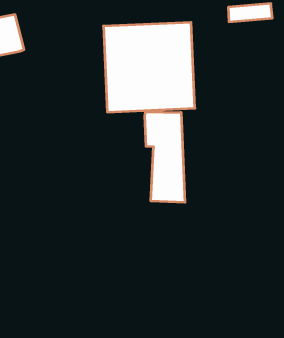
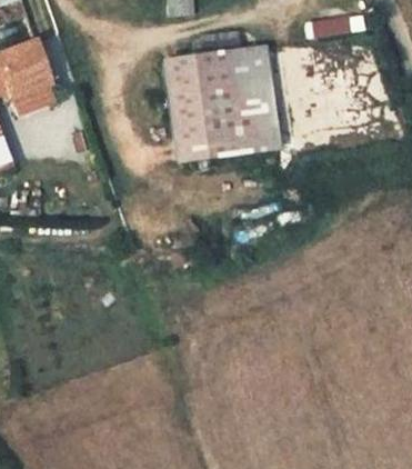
building: [145,112,185,202] -> none

